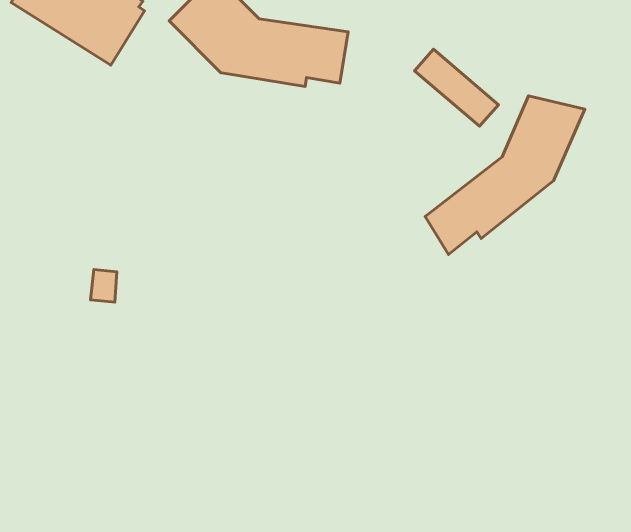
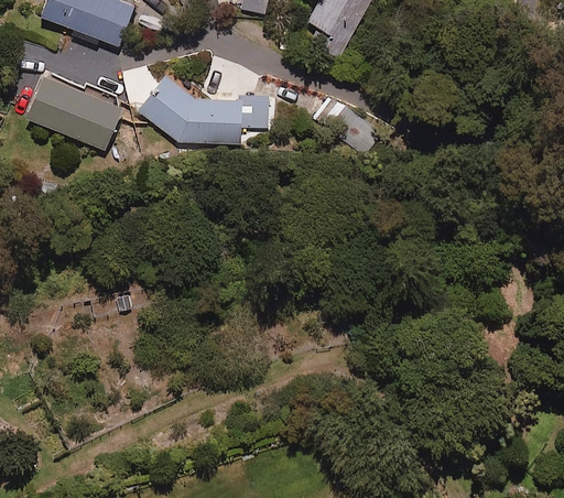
building: [425,96,585,255] -> none

